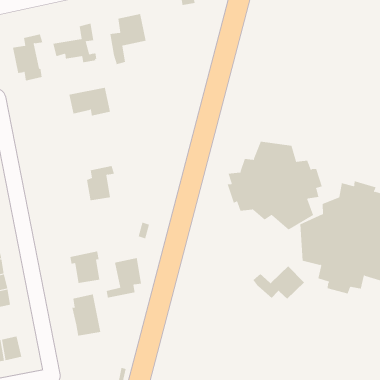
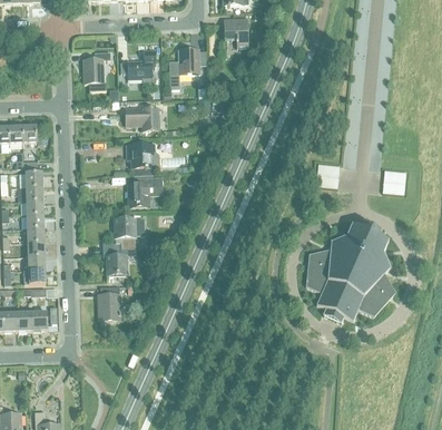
building: none -> [127,143,159,167]
building: [227,141,322,231] -> none
building: [106,258,142,298] -> [104,217,136,248]
building: [252,266,305,299] -> none

